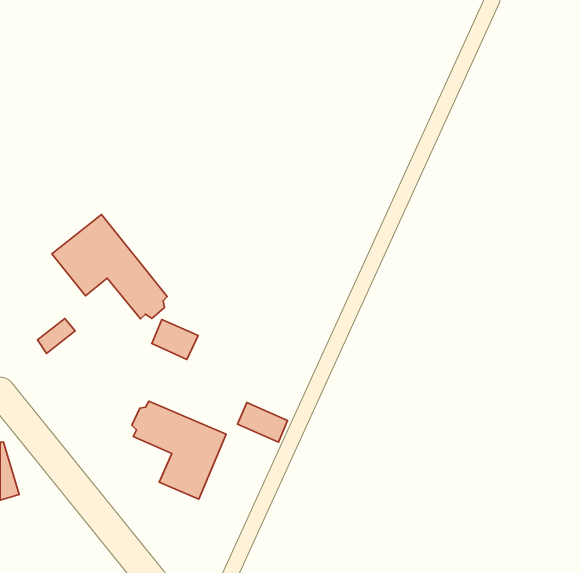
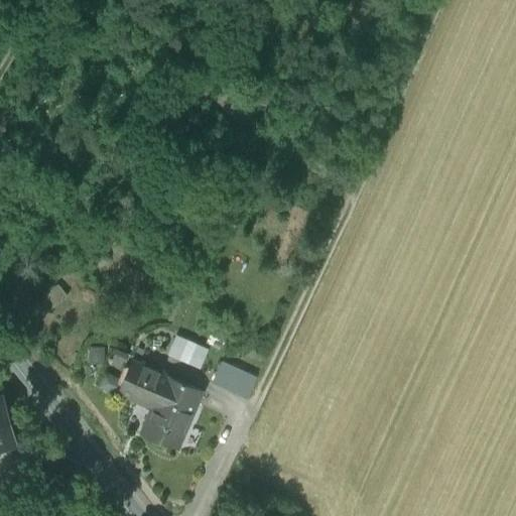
building: [52,214,167,319] -> none
building: [152,320,198,359] -> [168,335,210,370]

